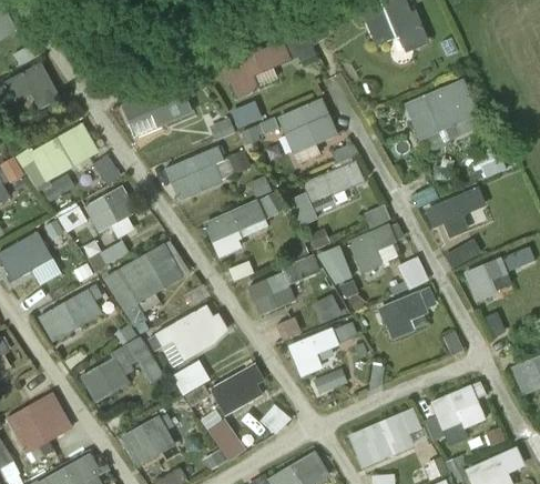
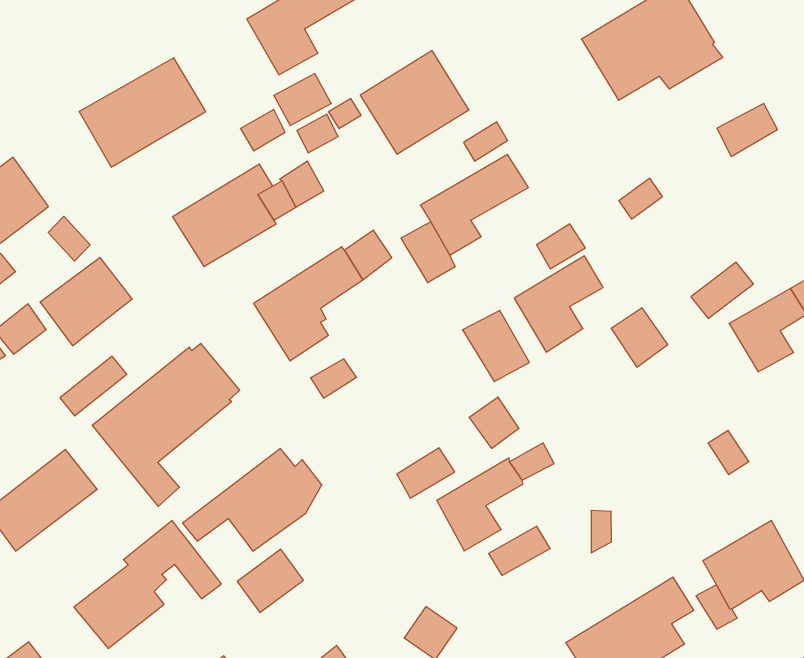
building: [425,186,486,238] -> none
building: [248,254,320,314] -> none
building: [378,288,436,339] -> none
building: [210,363,263,414] -> none

